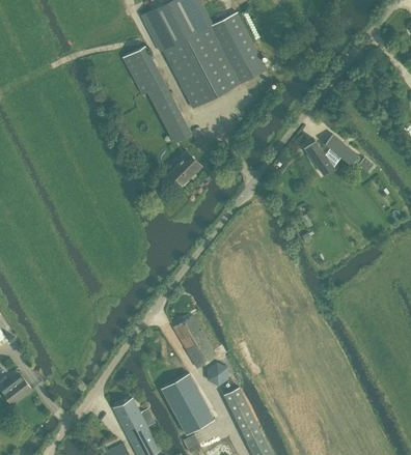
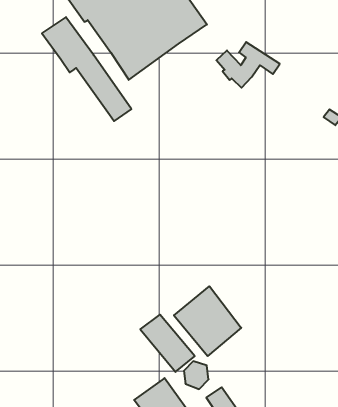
building: [304,135,359,174] -> [216,42,280,88]
building: [168,150,201,188] -> none
building: none -> [174,286,241,356]

